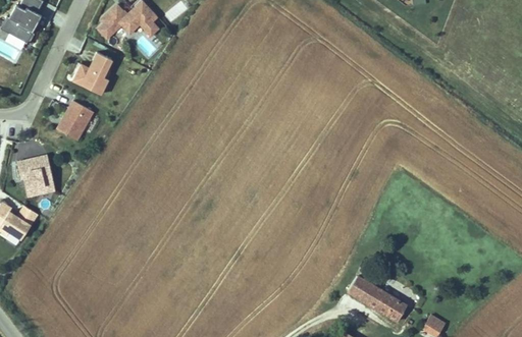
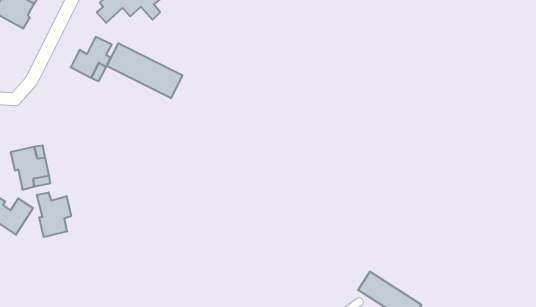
building: none -> [107,43,182,98]
building: [57,101,92,139] -> none
building: none -> [37,192,71,237]

